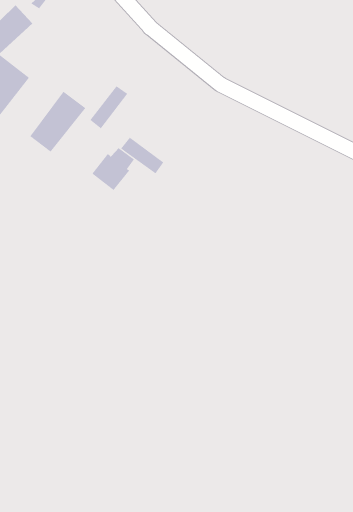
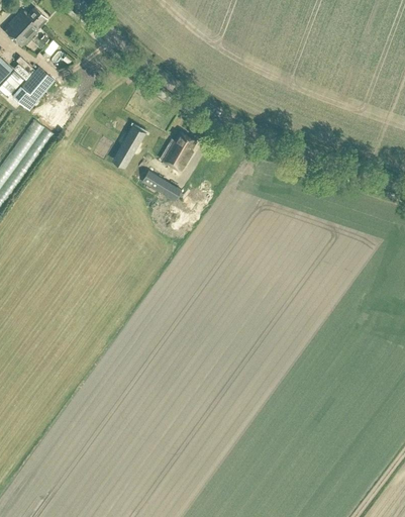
building: [29,91,86,153] -> none
building: [91,147,135,191] -> [159,133,195,172]

